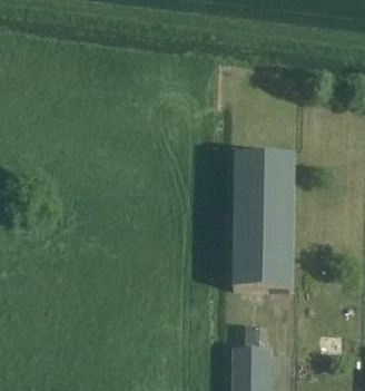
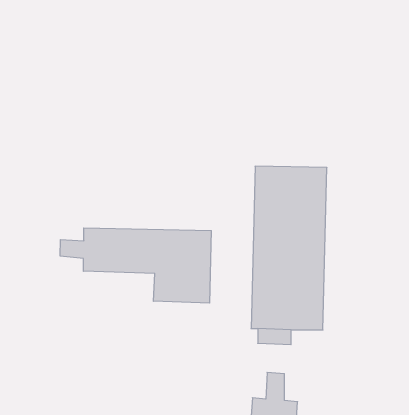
building: none -> [60,228,211,303]

